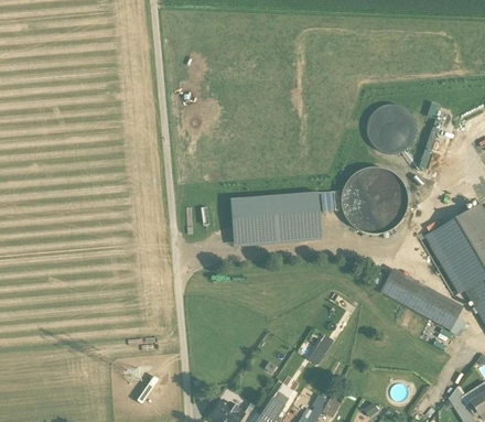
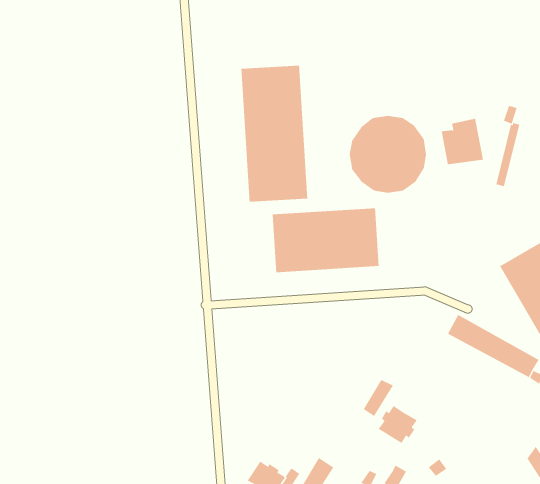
building: none -> [241,65,308,203]
building: [341,167,407,234] -> [349,115,427,193]
building: none -> [378,405,417,444]

